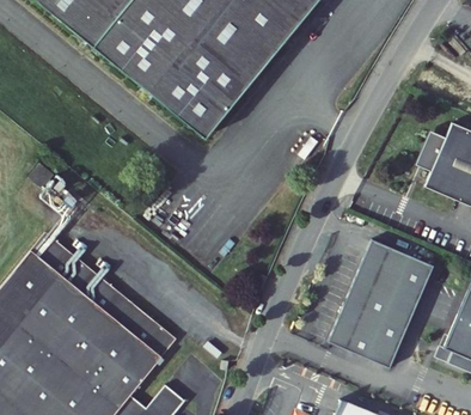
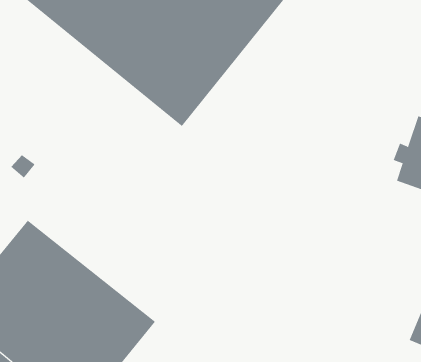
building: [330,239,434,366] -> none

